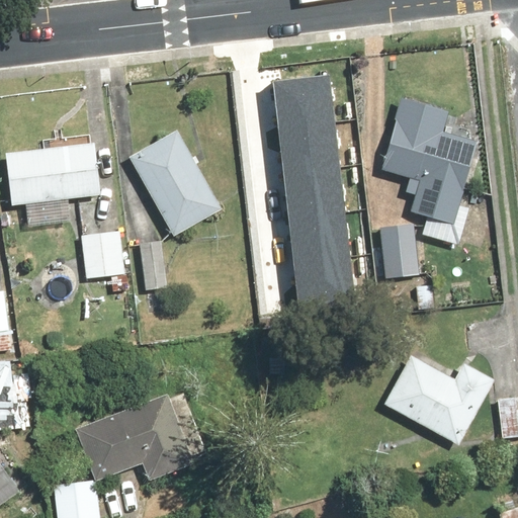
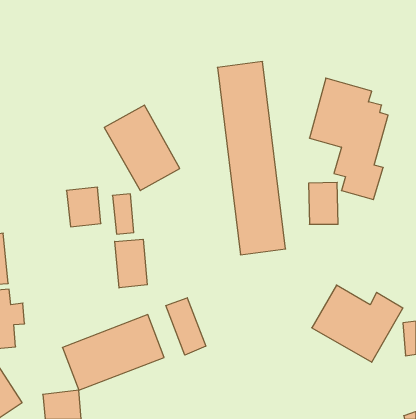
building: [9,140,100,225] -> none
building: none -> [115,239,147,288]
building: none -> [166,298,206,355]

